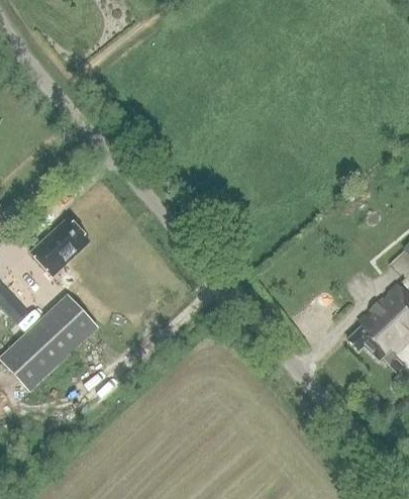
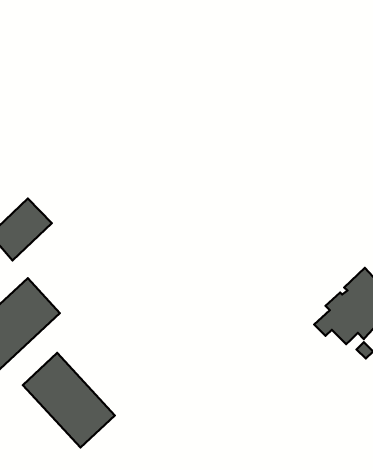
building: none -> [23,353,115,448]

